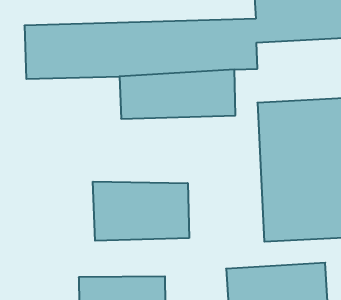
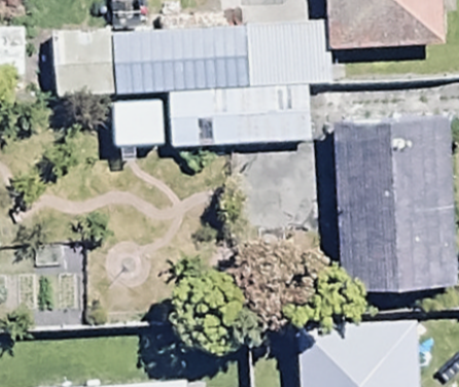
building: [93,182,189,241] -> none

